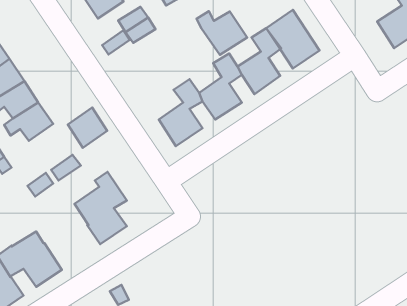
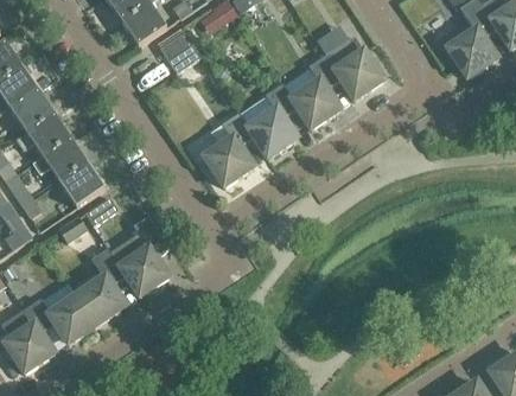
building: [196,11,247,55] -> none
building: [68,107,107,148] -> [59,161,103,206]
building: none -> [77,247,126,324]

